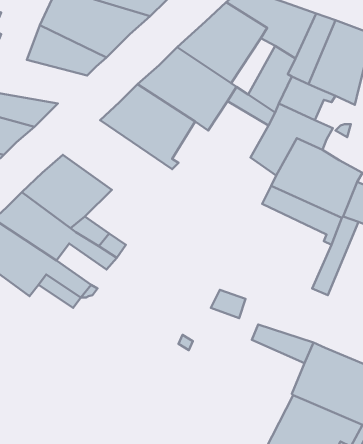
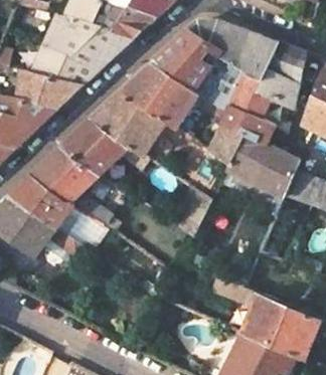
building: none -> [18,68,82,106]
building: none -> [62,119,148,173]

